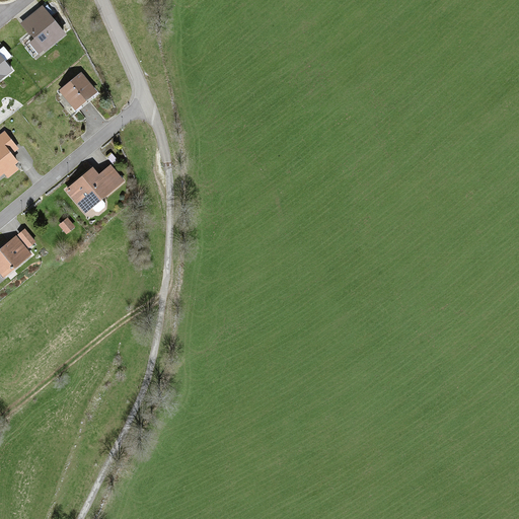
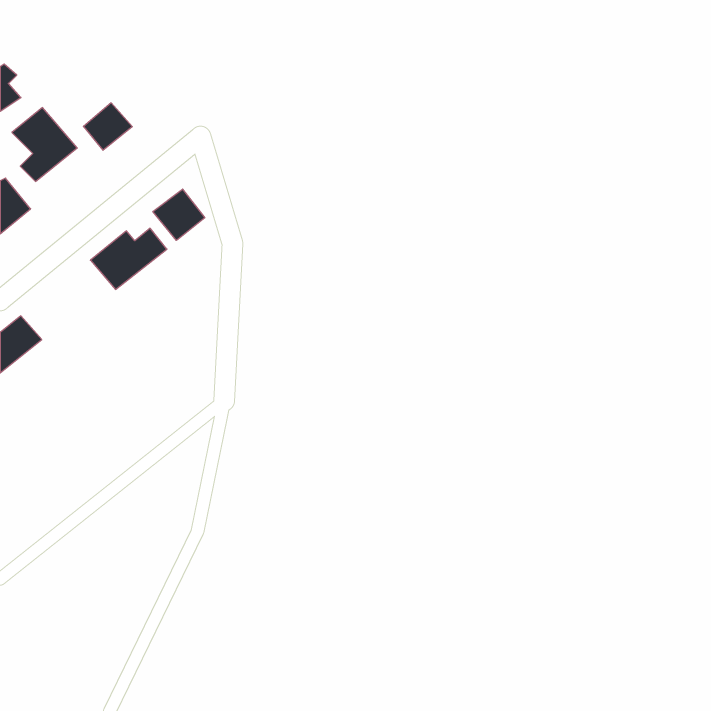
building: [19,5,67,59] -> [12,108,77,181]
building: none -> [153,189,205,240]

